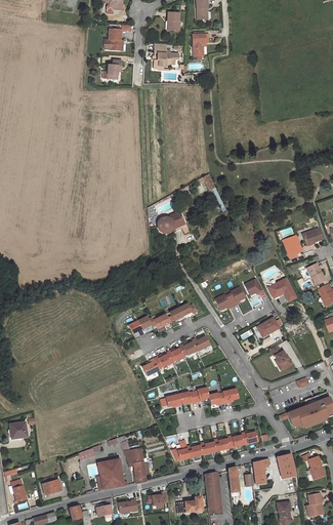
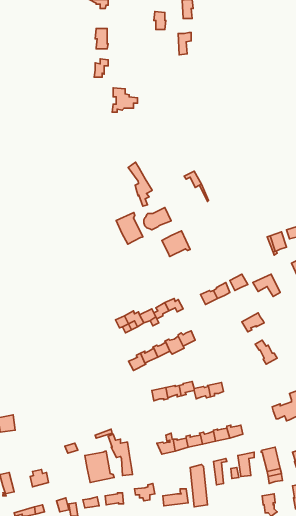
building: [153,44,178,69] -> [112,88,137,112]
building: none -> [128,162,152,206]
building: none -> [116,213,143,244]
building: none -> [162,231,190,257]

